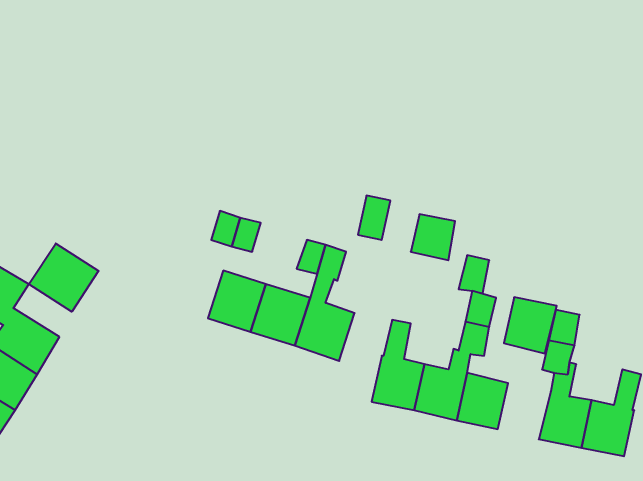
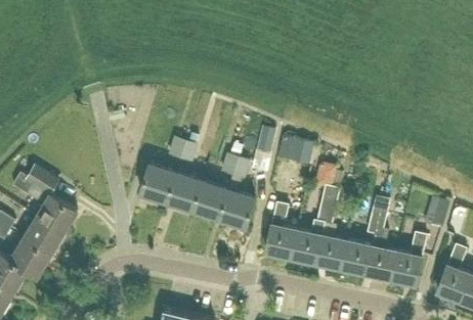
building: [29,243,99,312] -> none
building: none -> [139,165,175,201]
building: [504,297,557,354] -> [340,240,372,274]

